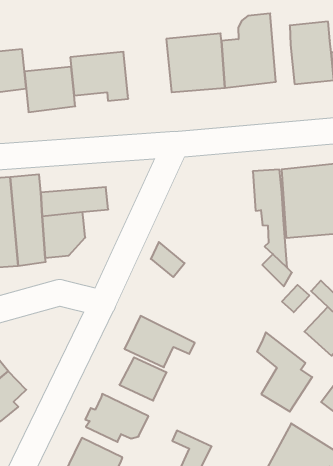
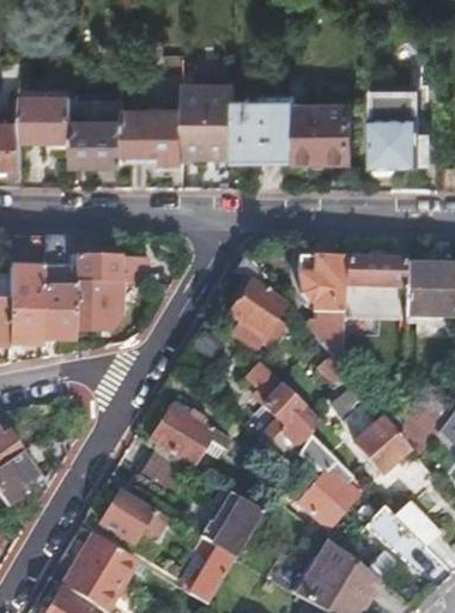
building: none -> [184,87,233,159]
building: none -> [229,254,284,350]
building: none -> [248,363,321,467]
building: none -> [201,493,266,558]

